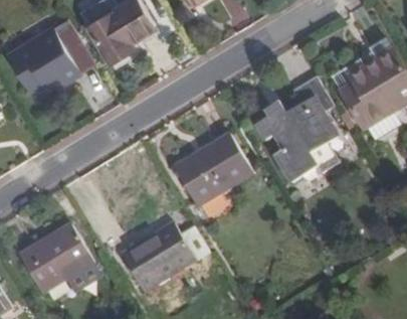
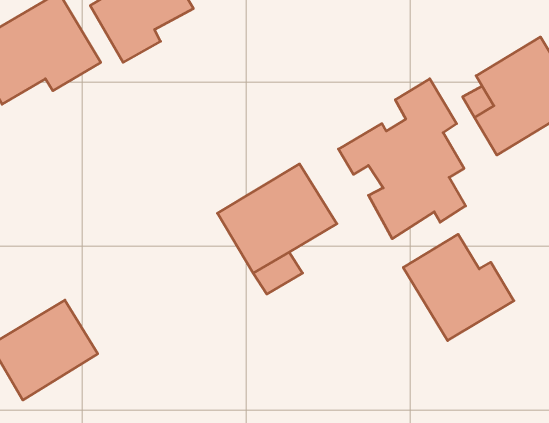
building: none -> [403,234,514,341]
building: [121,221,209,292] -> none

